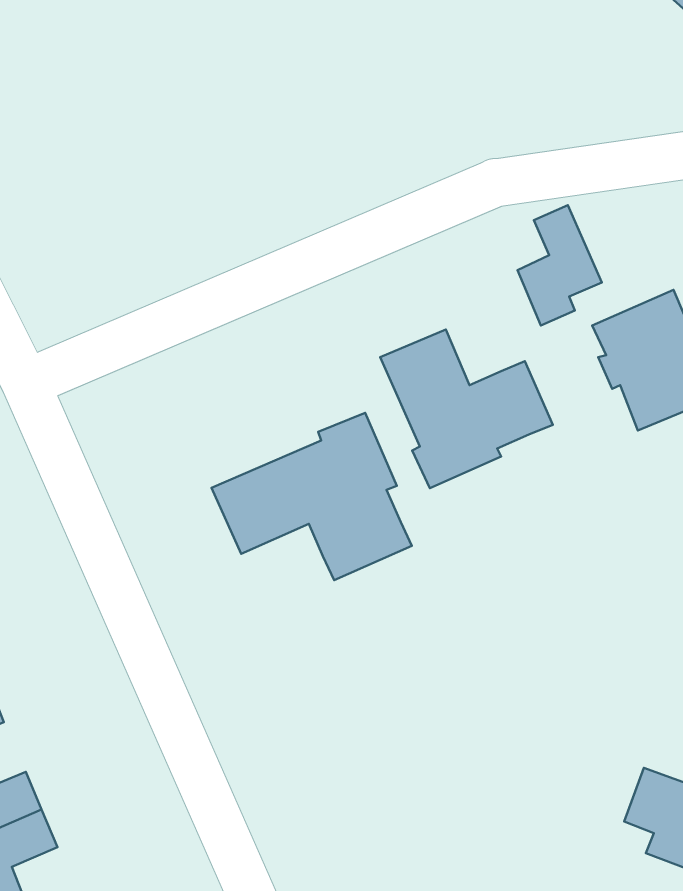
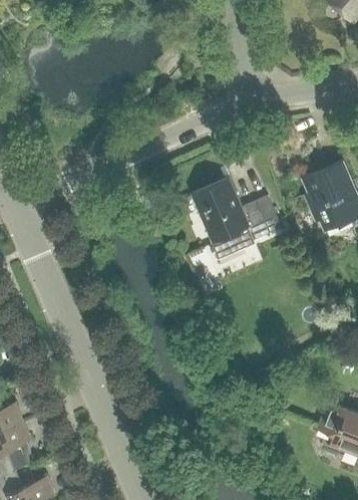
building: [518,205,602,326] -> none
building: [211,413,412,580] -> none

